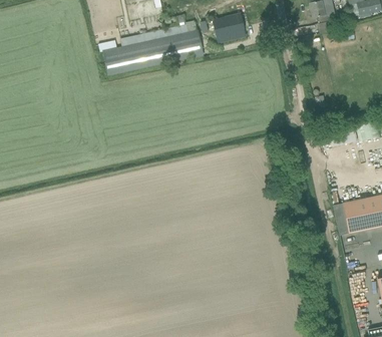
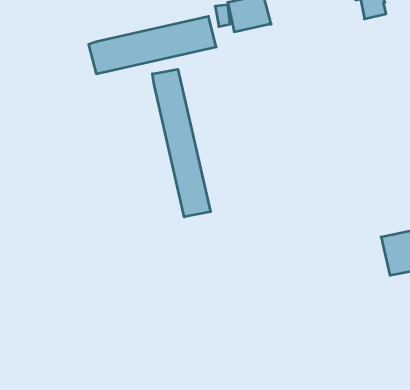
building: none -> [152,69,211,217]

